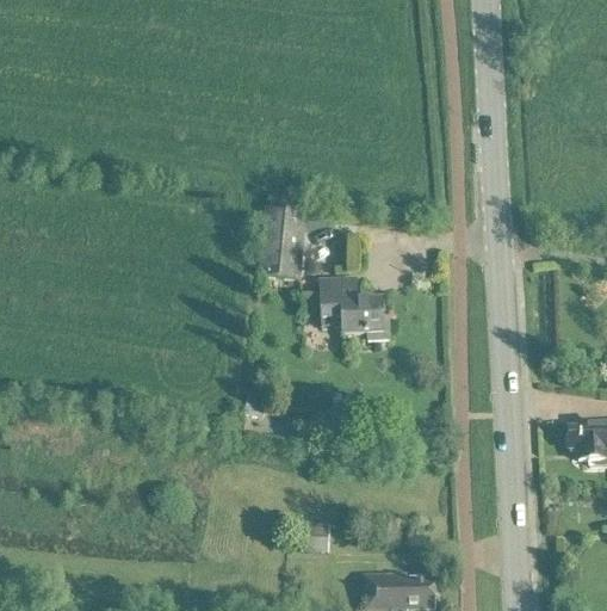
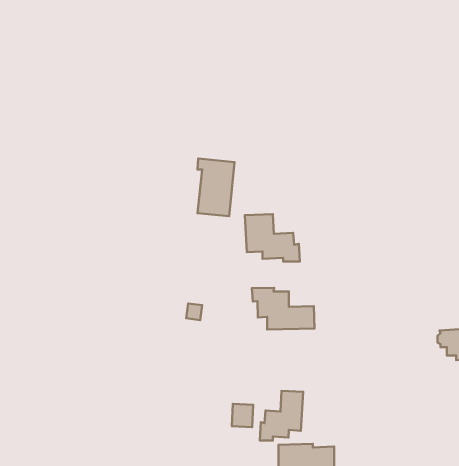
building: none -> [252,288,315,330]
building: none -> [260,391,303,441]

